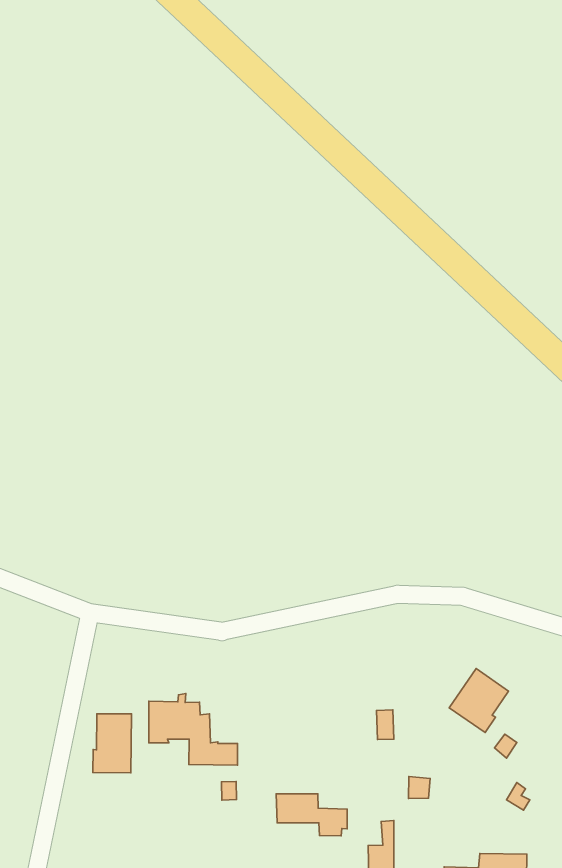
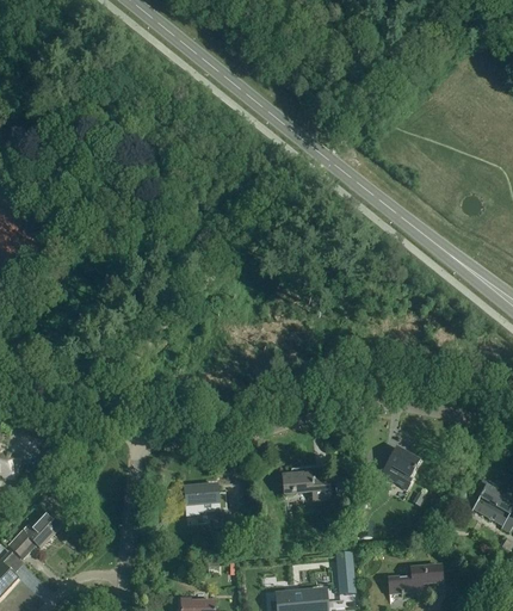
building: [93,714,132,773] -> none
building: [276,794,347,836] -> [280,473,329,500]

